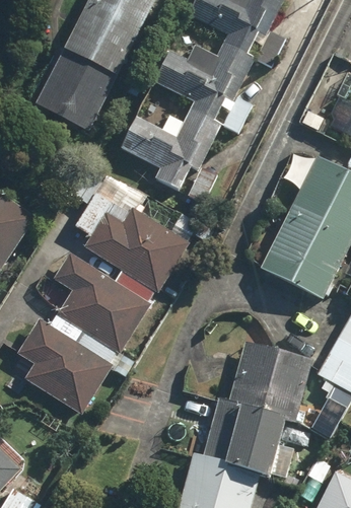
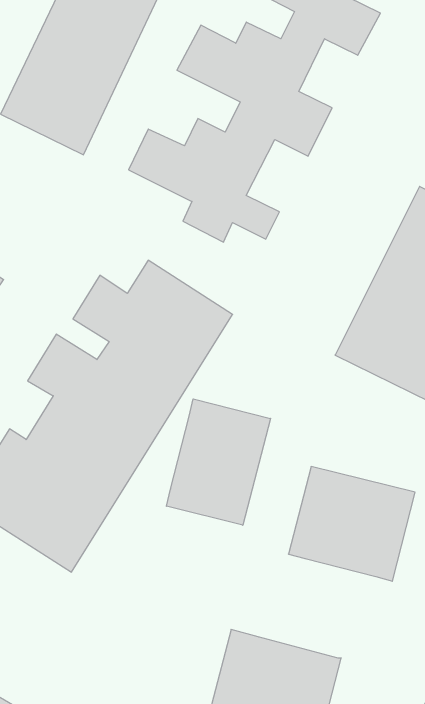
building: none -> [166,399,271,525]
building: [206,406,291,479] -> none

